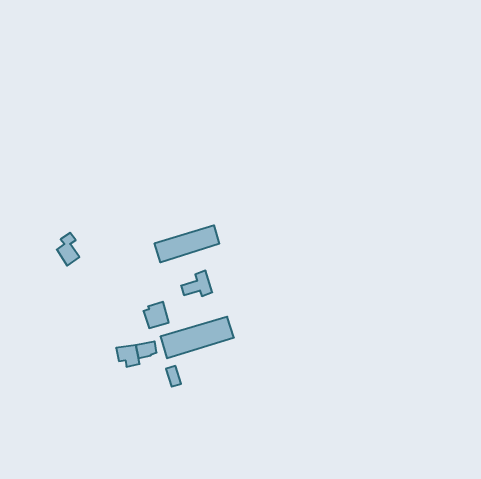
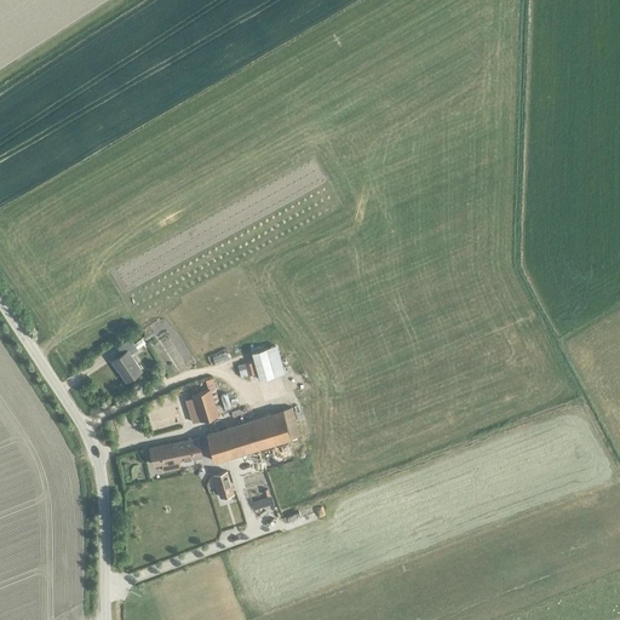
building: [155,225,219,262] -> none
building: [57,233,79,266] -> [111,341,140,384]

